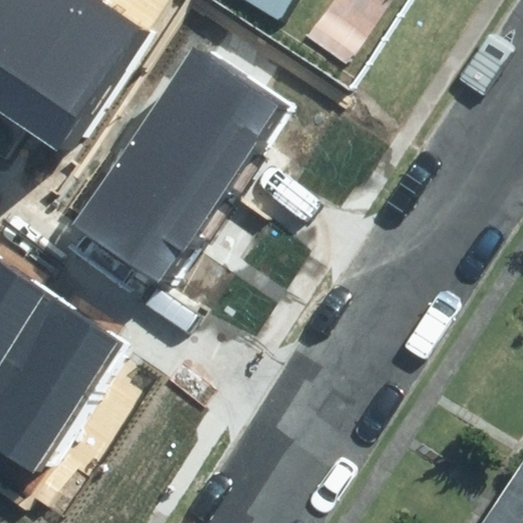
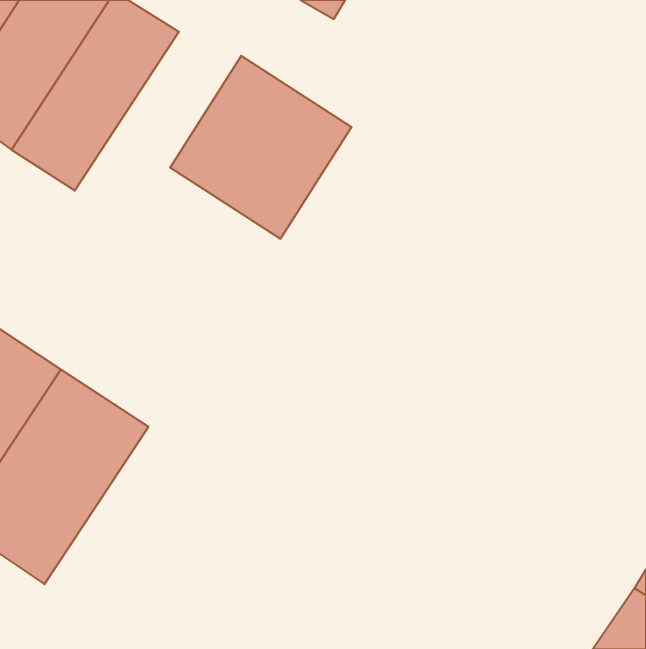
building: [79,135,226,282] -> none

